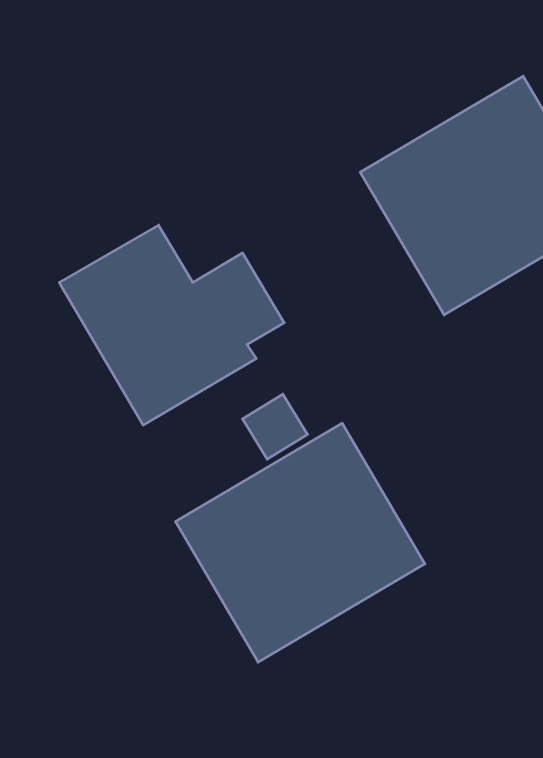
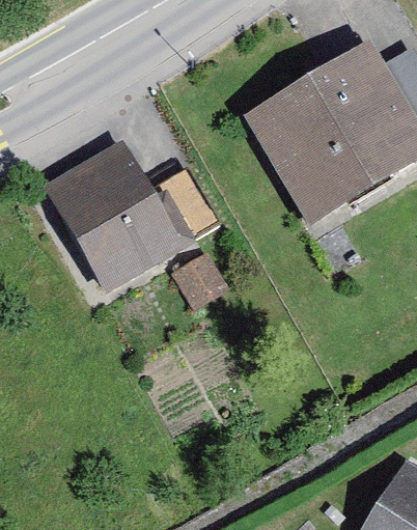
building: [175,423,425,662] -> none

